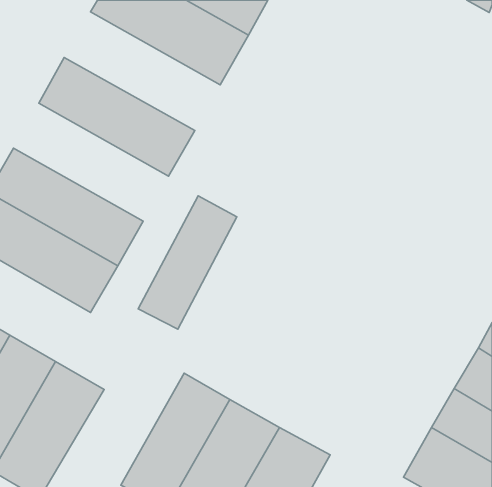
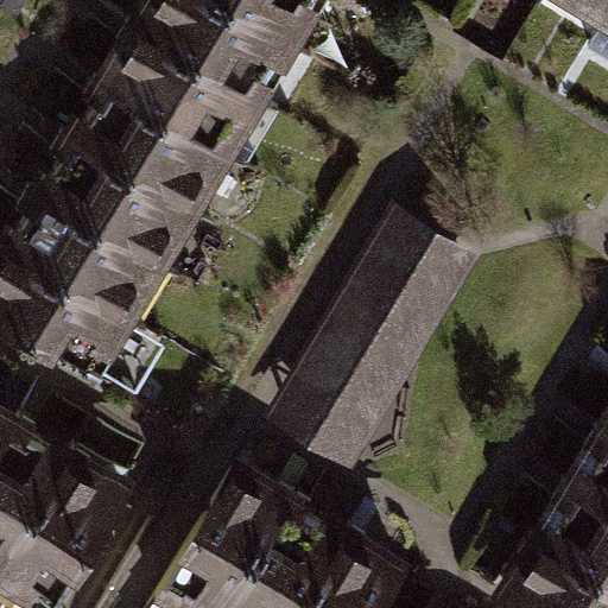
building: none -> [78,27,268,172]
building: none -> [17,139,205,283]
building: none -> [270,224,475,480]
building: [138,196,237,329] -> none

